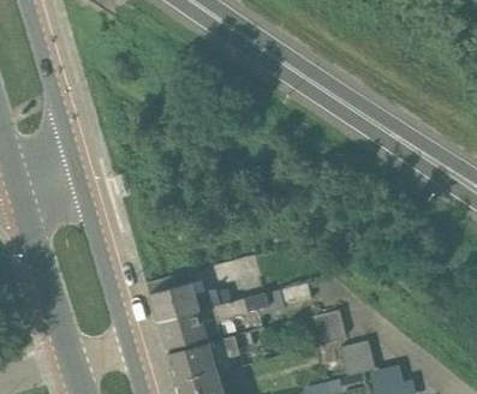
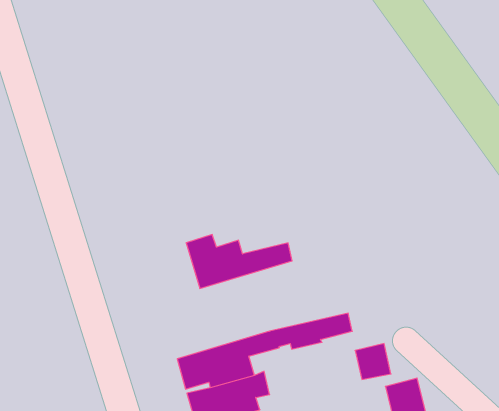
building: [144,276,237,323] -> [186,235,292,288]

